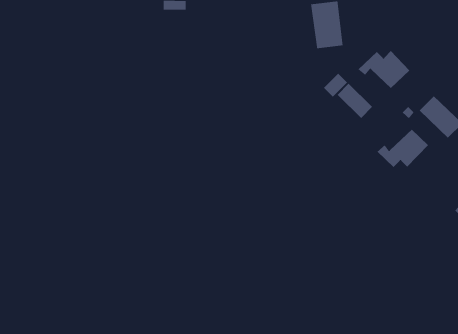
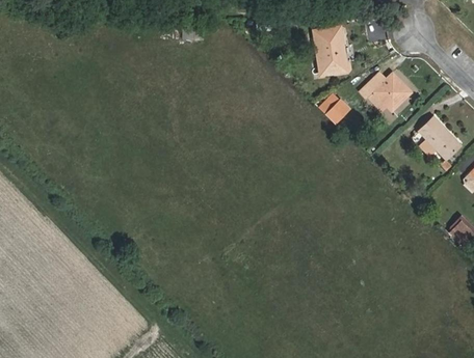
building: [337,83,373,119] -> none
building: [377,129,429,168] -> none

